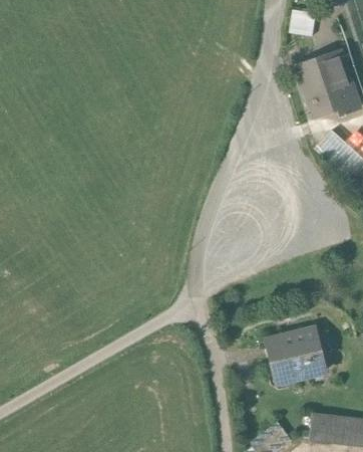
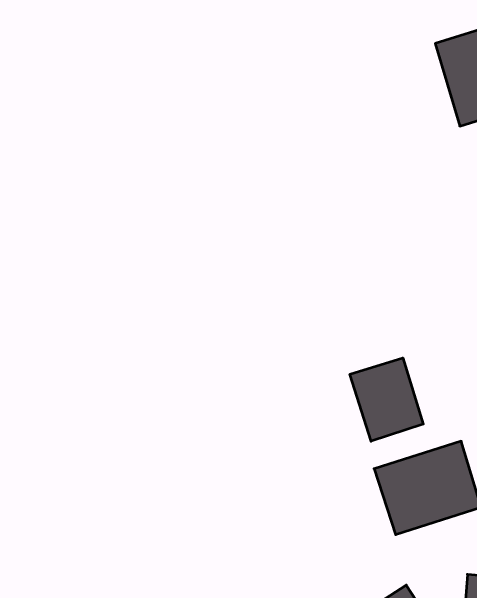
building: none -> [350,358,423,441]

